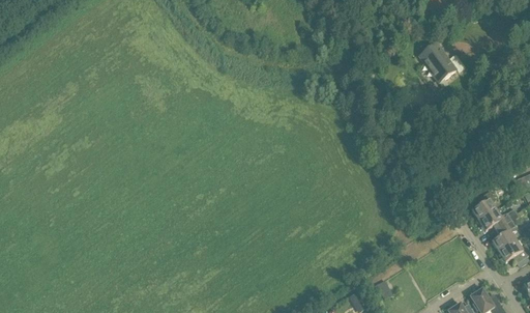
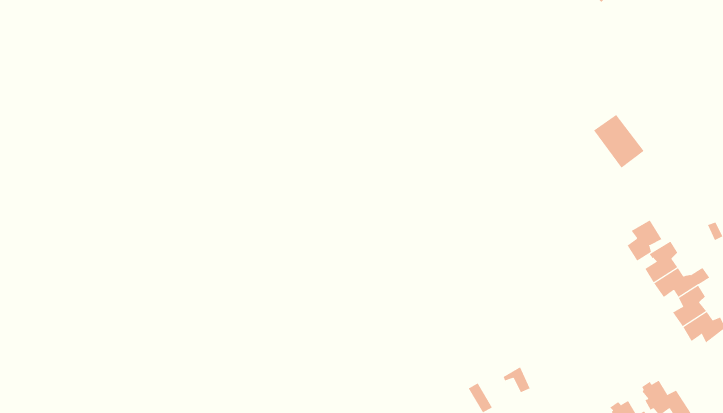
building: [419,42,455,81] -> [593,114,644,168]
building: none -> [627,219,662,262]

